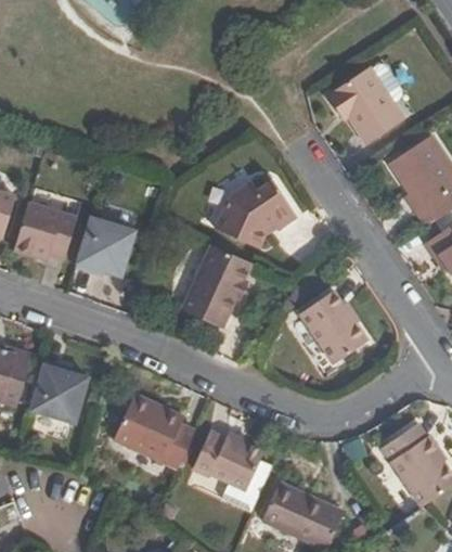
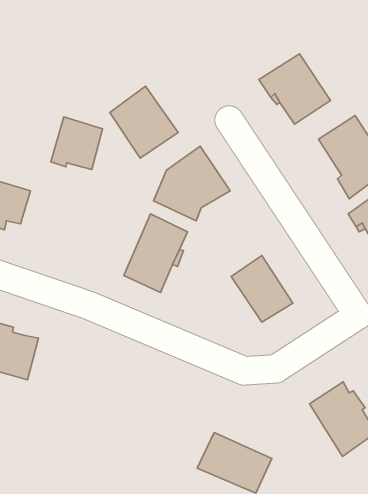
building: none -> [110,86,178,158]
building: [78,217,134,274] -> [51,117,103,170]
building: [114,396,194,468] -> none
building: [191,434,262,493] -> none

